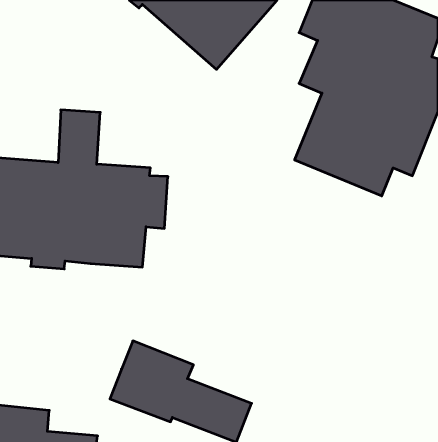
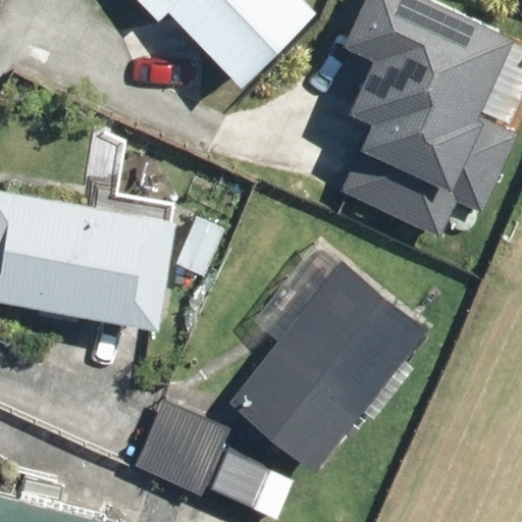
building: none -> [228,258,427,468]

